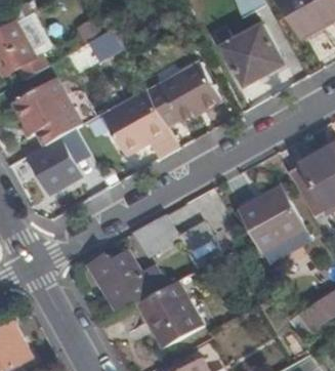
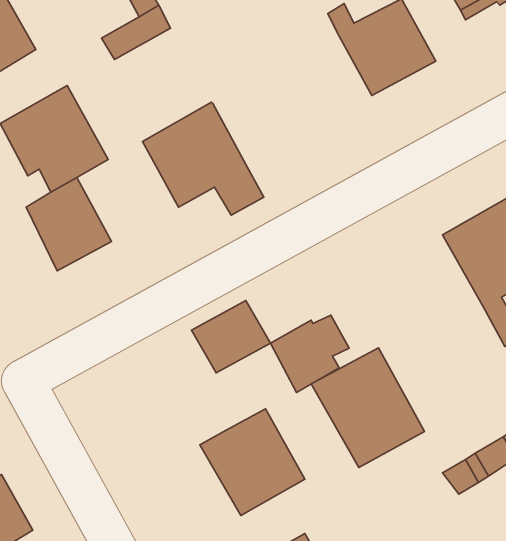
building: [144,61,219,128] -> none
building: [238,187,308,261] -> [311,348,424,468]
building: [88,251,163,307] -> none

